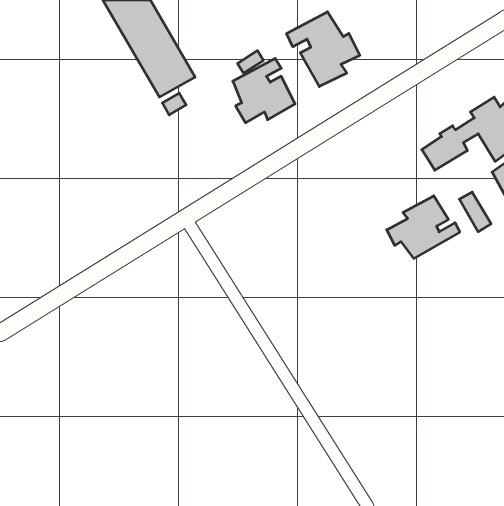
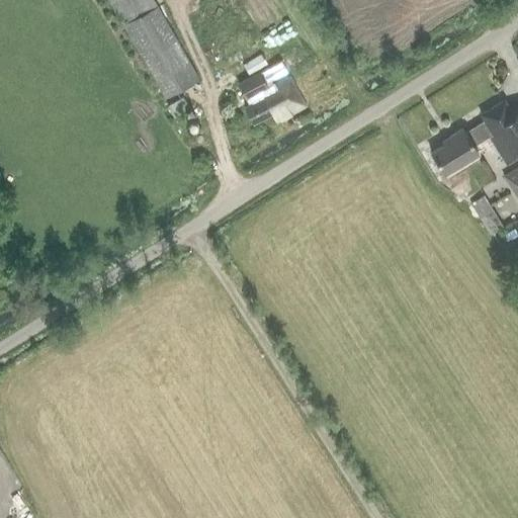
building: [287,12,360,87] -> none
building: [387,196,460,258] -> none

